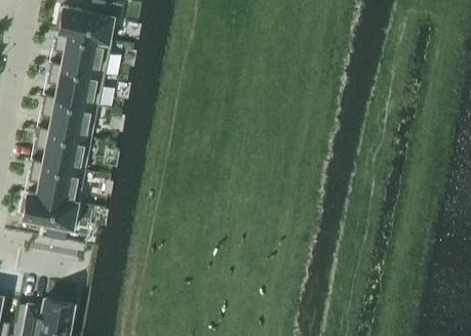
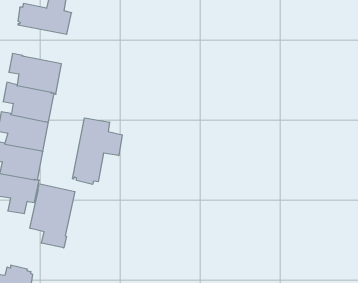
building: [54,30,112,73] -> none
building: none -> [73,118,122,184]
building: none -> [30,184,75,248]

